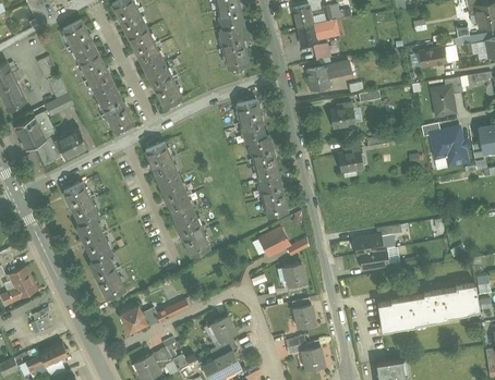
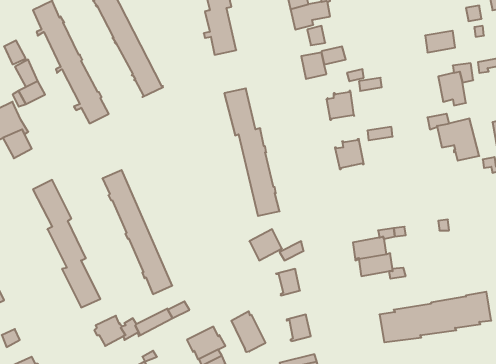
building: [56,130,87,158] -> none
building: [146,144,209,256] -> [102,170,172,294]
building: none -> [231,311,265,352]

